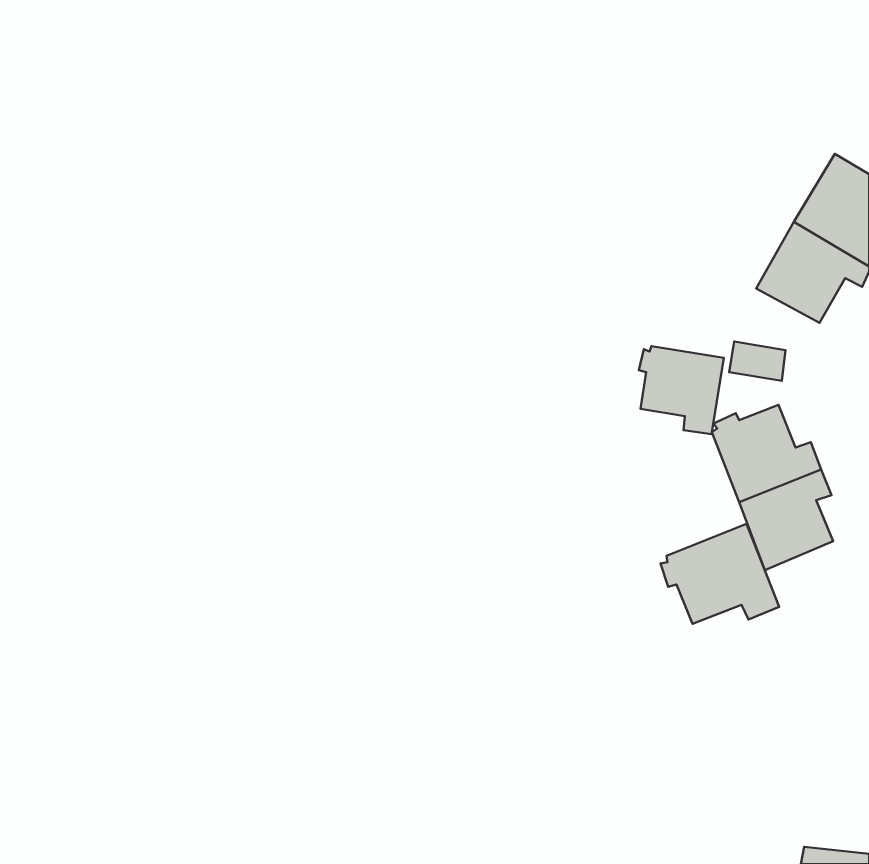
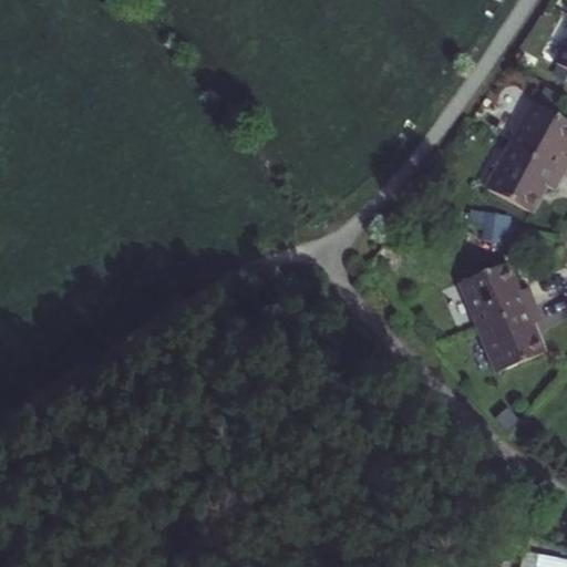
building: [639,346,724,434] -> none
building: [661,524,779,624] -> none

